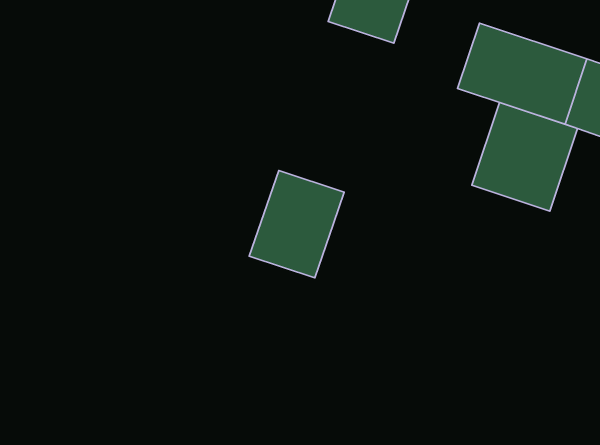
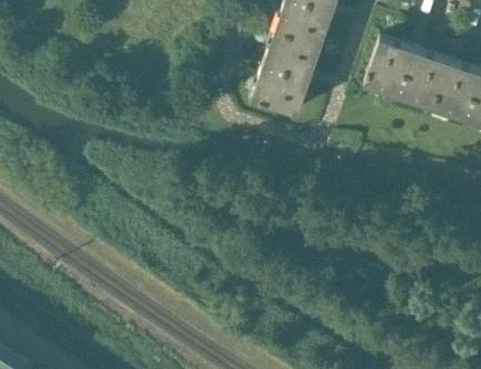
building: [472,103,578,211] -> none
building: [249,170,344,278] -> [250,42,317,118]

